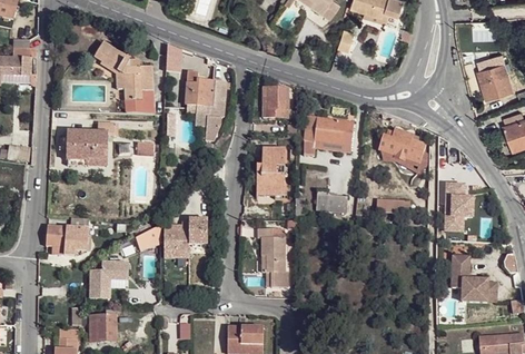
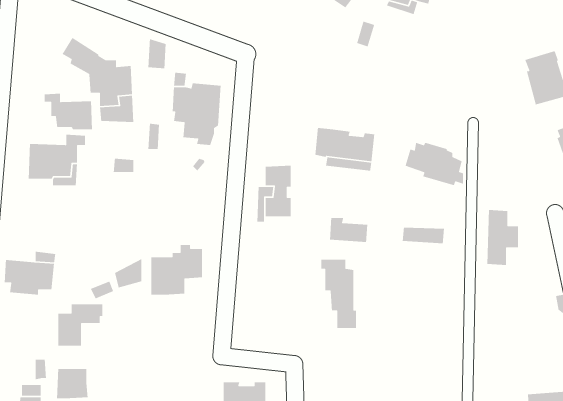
building: [259,88,287,118] -> none
building: none -> [44,93,93,130]
building: [257,229,287,287] -> [320,259,357,329]
building: [454,262,487,303] -> none

